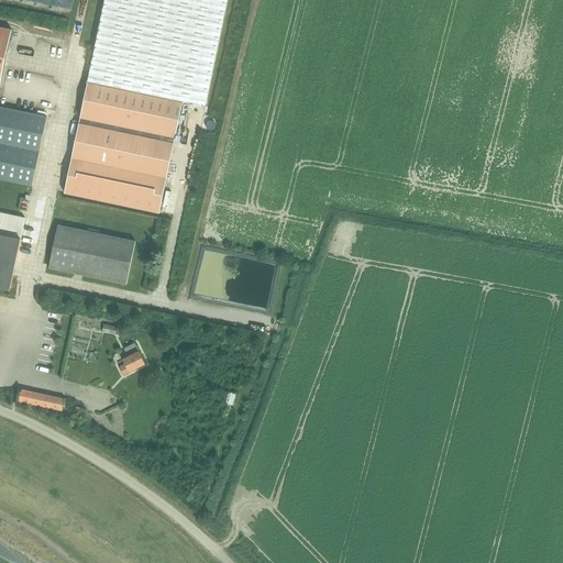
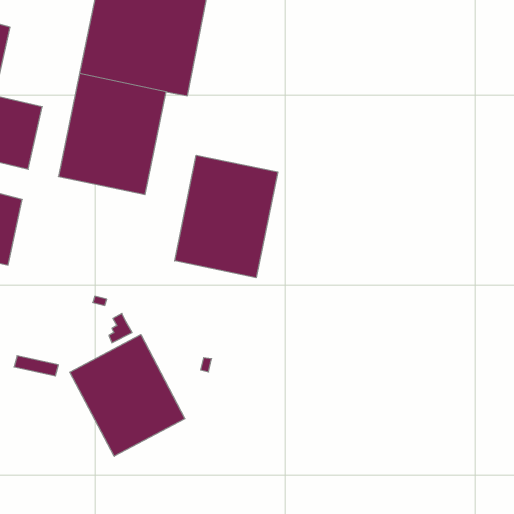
building: none -> [175,155,278,278]
building: [47,224,134,284] -> none
building: none -> [70,335,185,456]

